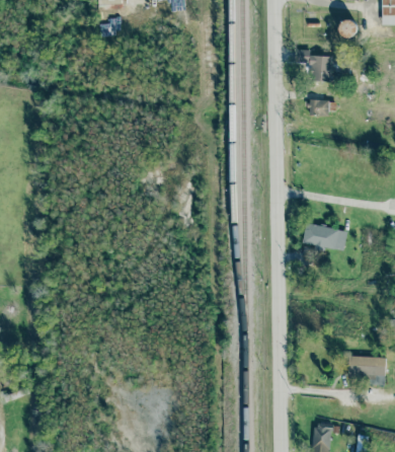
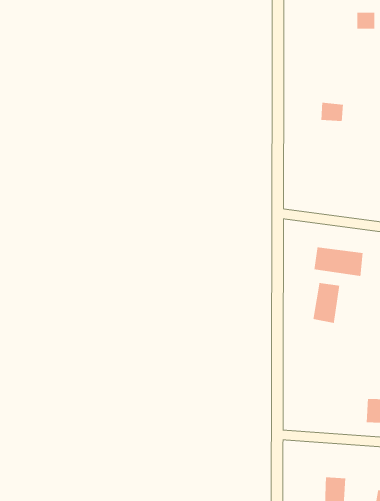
building: [309,55,331,81] -> none
building: none -> [312,282,340,324]

